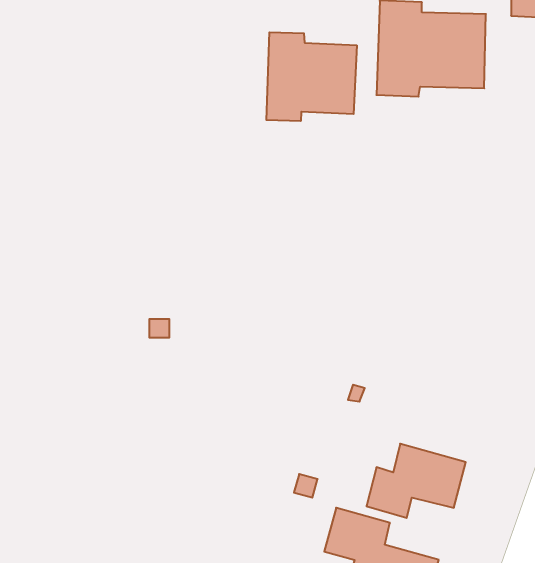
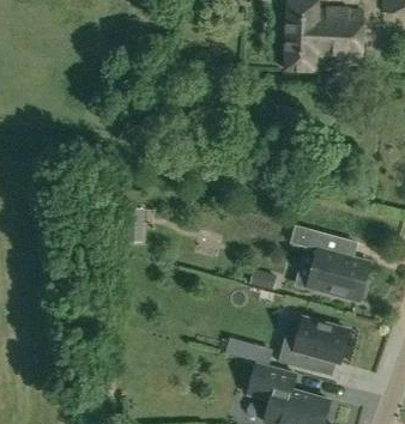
building: [266,32,357,121] -> none
building: none -> [306,228,369,299]

